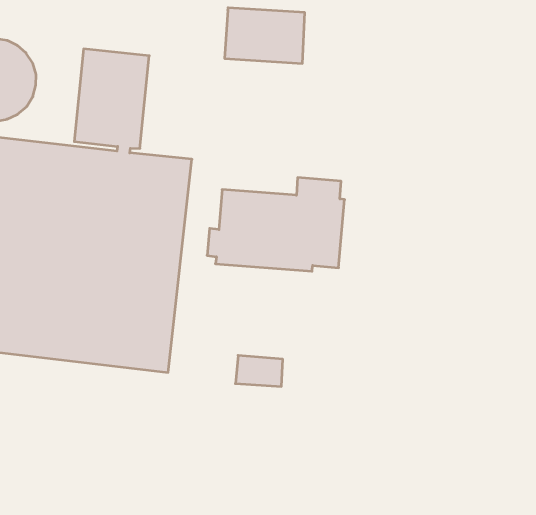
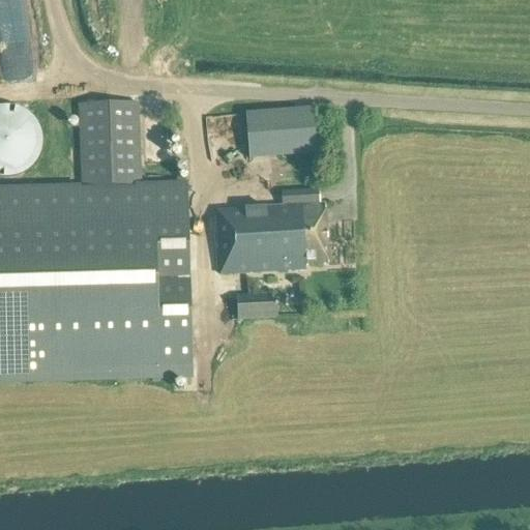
building: [225,8,305,63] -> [244,107,316,156]
building: [235,355,283,386] -> [236,291,277,318]

